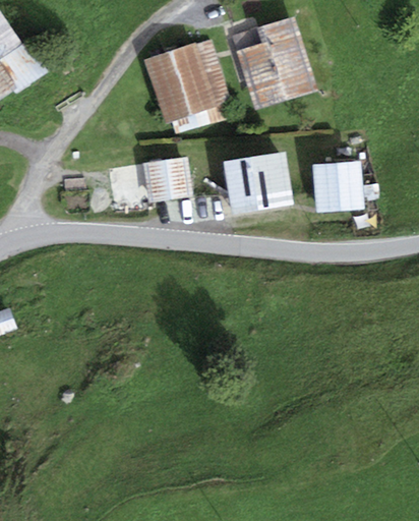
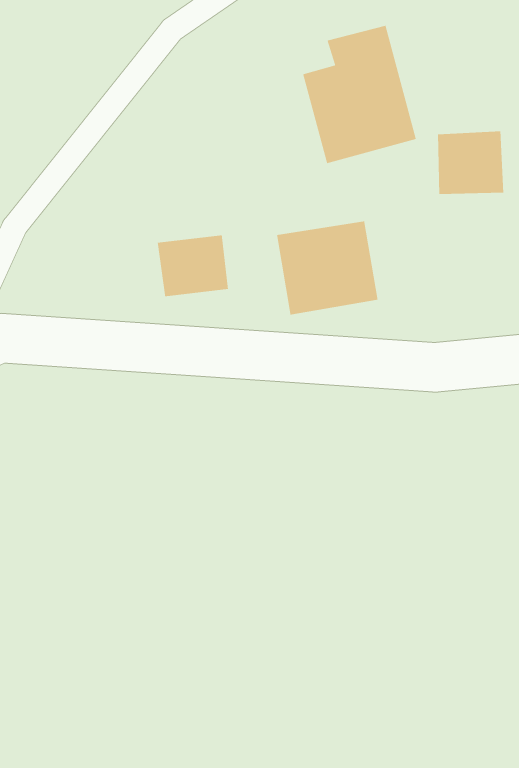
building: [147,41,225,117] -> none
building: [316,162,361,205] -> [437,131,504,195]

